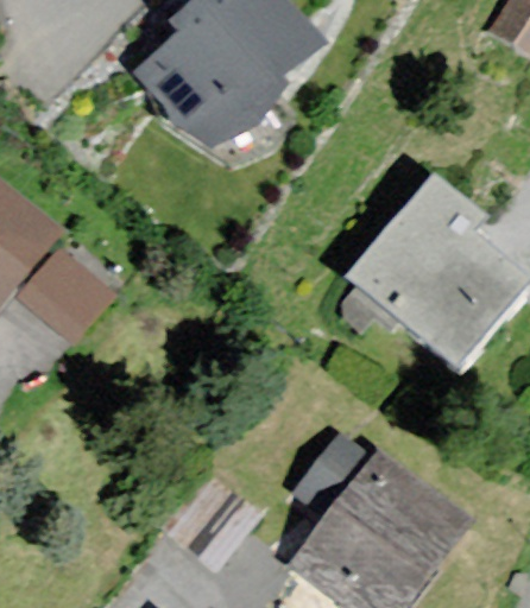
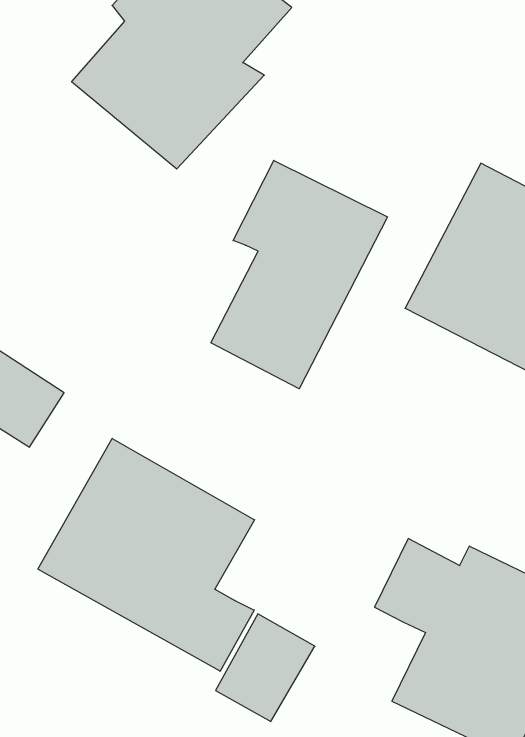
building: none -> [211,160,387,389]
building: none -> [38,438,255,671]

